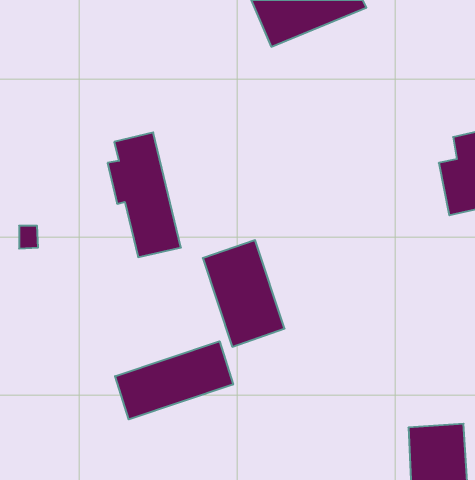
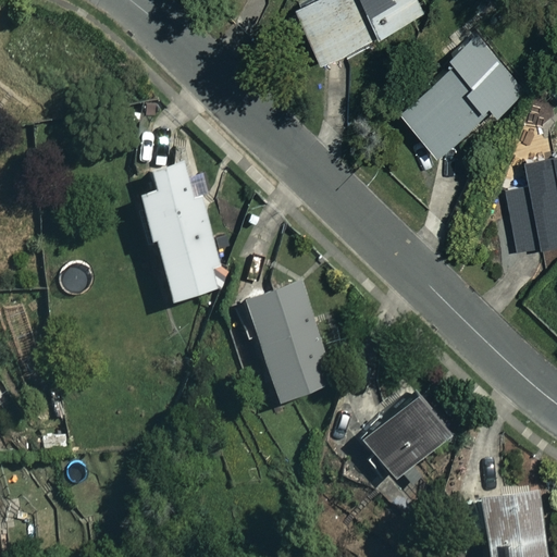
building: none -> [401,36,532,153]
building: none -> [359,393,446,480]
building: [115,341,233,419] -> none

